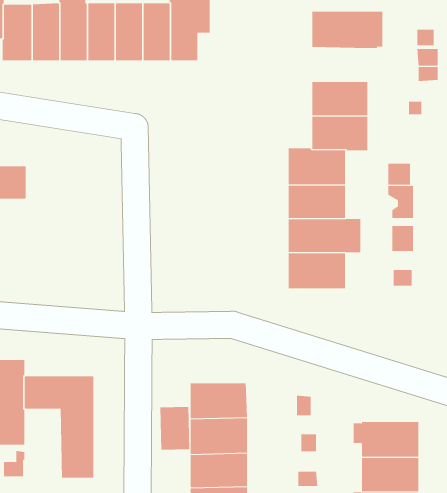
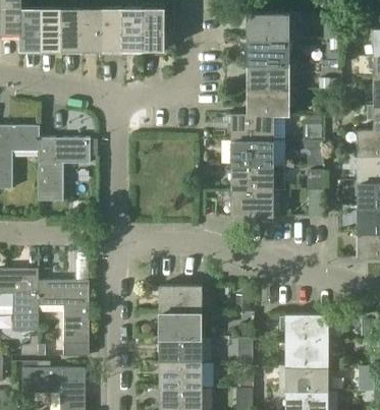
building: none -> [249,40,297,65]
building: none -> [38,139,91,201]
building: [160,406,190,451] -> none

